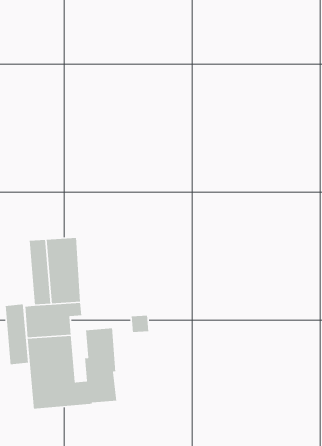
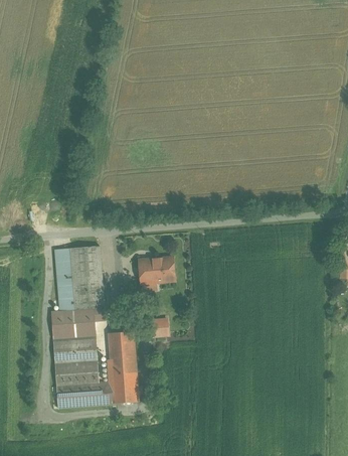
building: none -> [138,257,173,282]
building: [5,304,29,365] -> none

